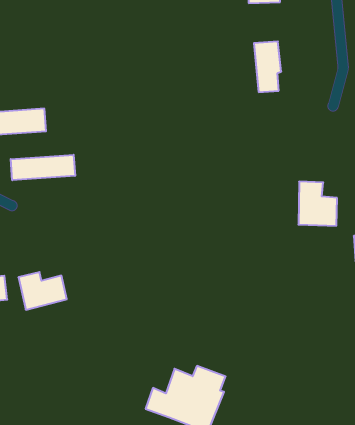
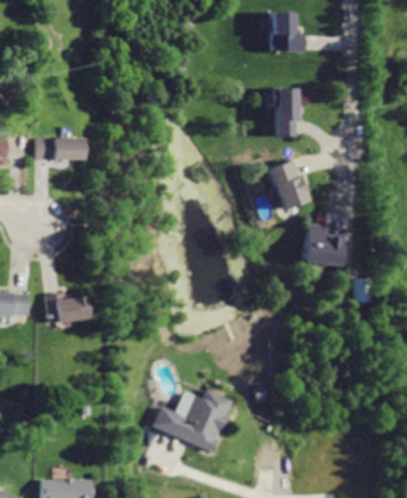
building: none -> [269,159,313,209]
building: [11,155,75,180] -> none

